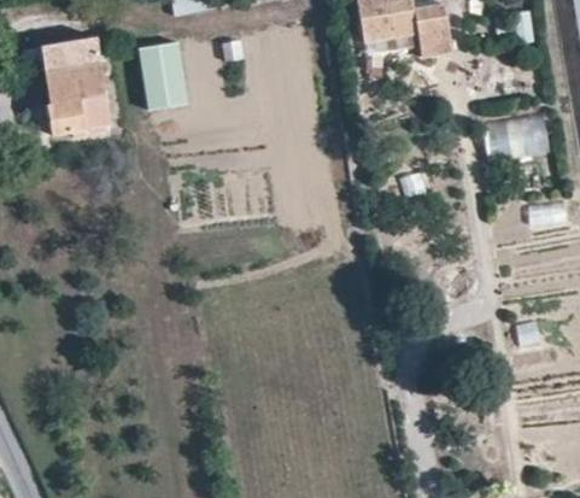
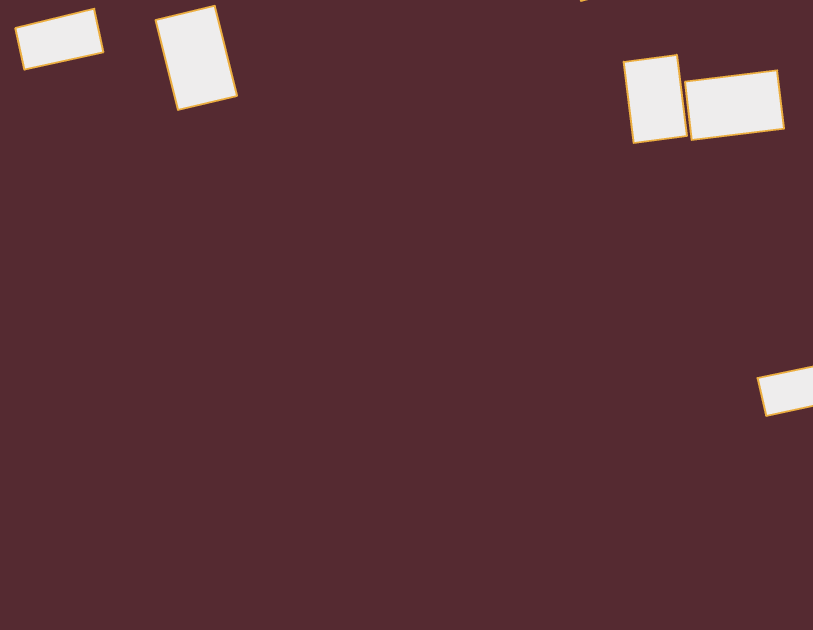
building: [49,69,113,141] -> none
building: none -> [624,55,687,143]

